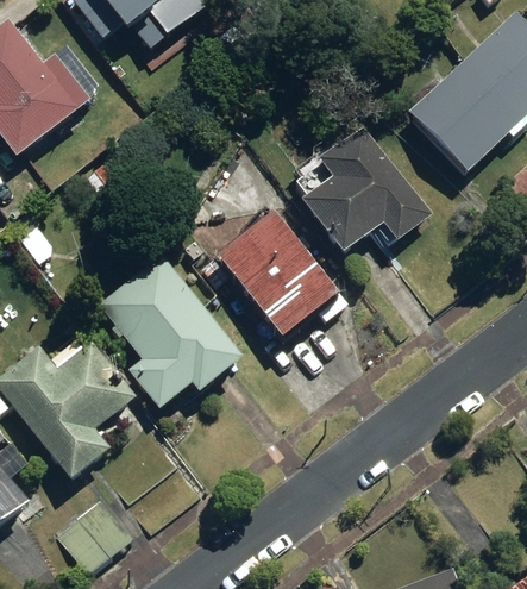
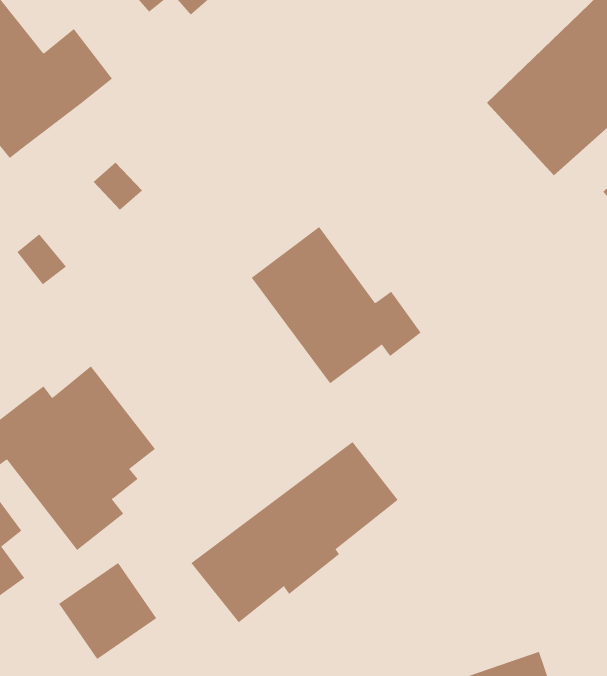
building: [297,108,435,257] -> none
building: [96,255,241,408] -> none
building: none -> [191,441,399,623]

